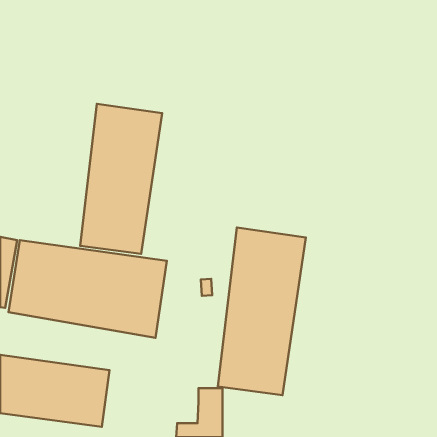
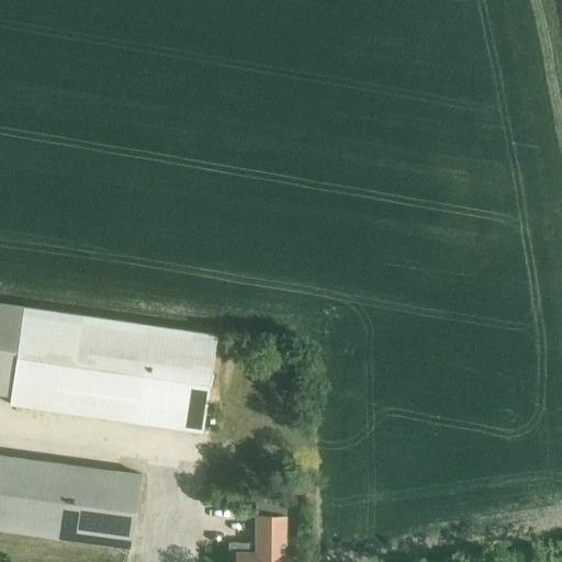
building: [80,104,162,254] -> none
building: [218,227,306,395] -> none

